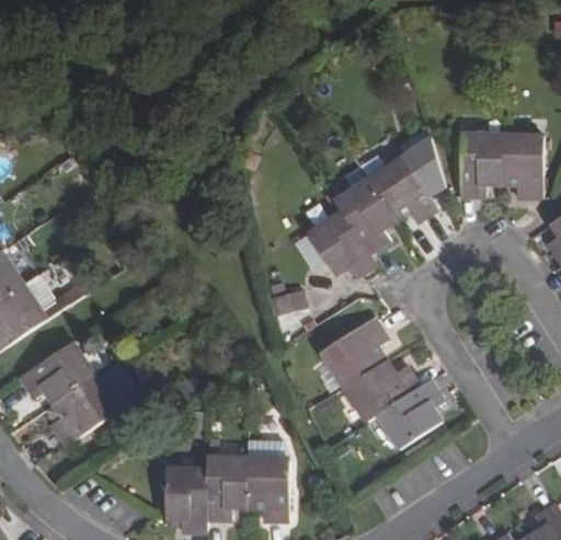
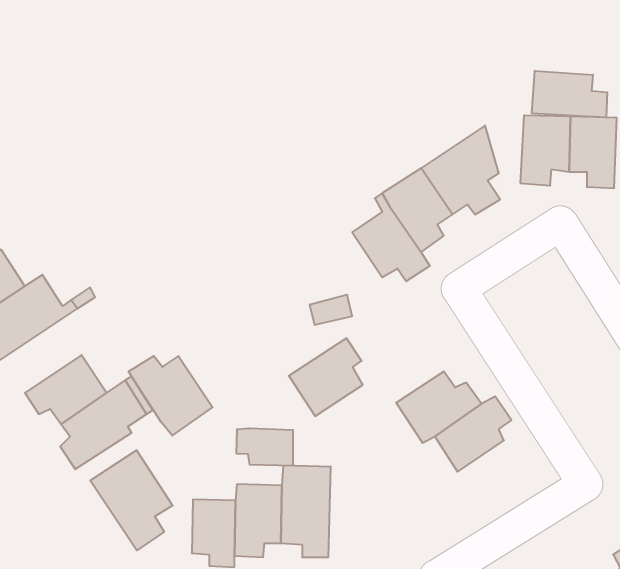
building: none -> [532,71,607,118]
building: [323,317,388,384] -> [289,338,363,416]
building: none -> [128,356,213,436]
building: none -> [237,428,293,466]
building: none -> [90,450,173,550]

